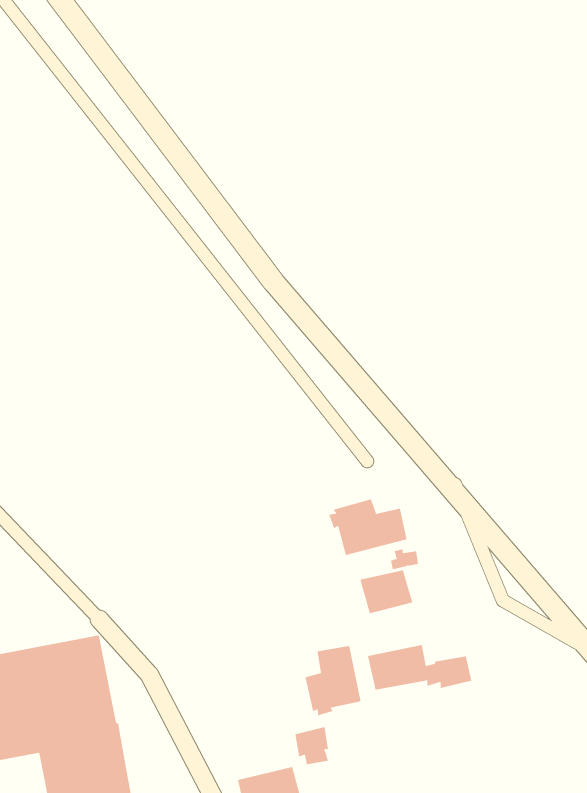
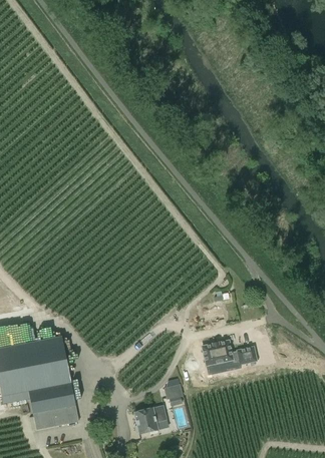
building: [329,498,407,556] -> none
building: [305,645,361,716] -> none

